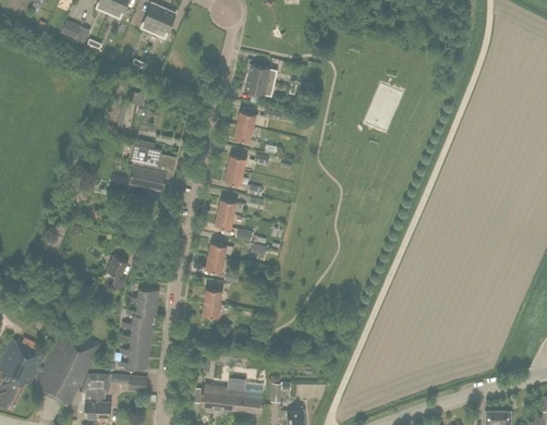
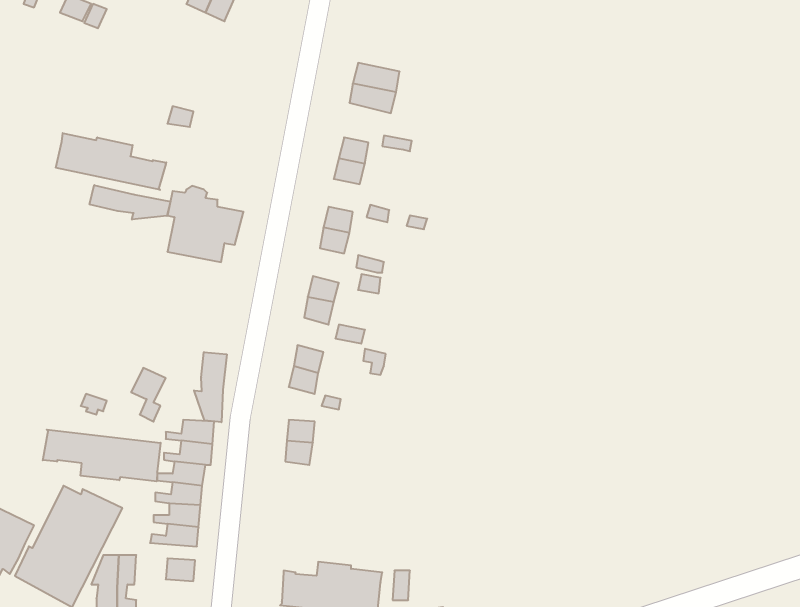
building: none -> [56,133,166,190]
building: none -> [90,185,170,220]
building: none -> [194,352,227,422]
building: none -> [43,430,161,481]

